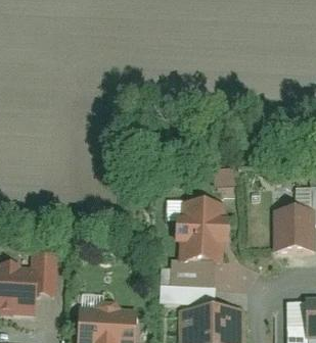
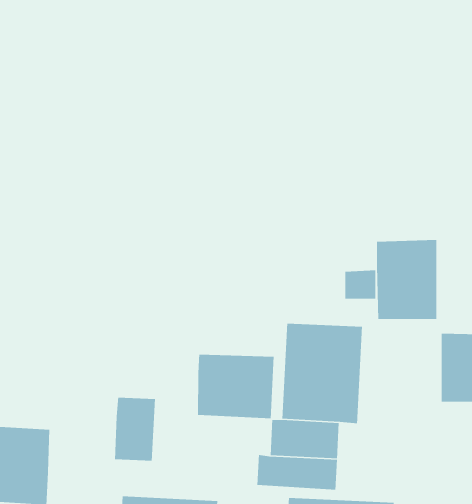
building: none -> [376,239,437,320]
building: none -> [197,354,275,419]
building: [33,254,58,294] -> [114,397,156,462]

